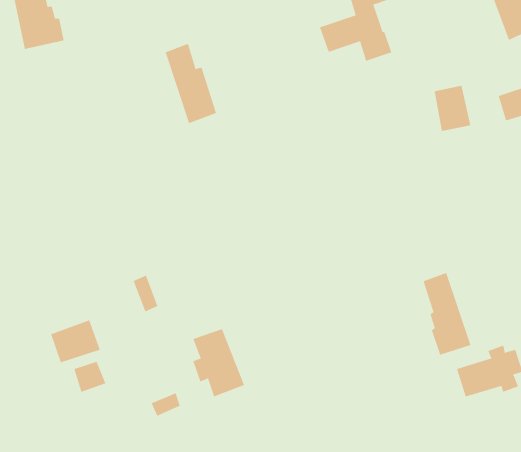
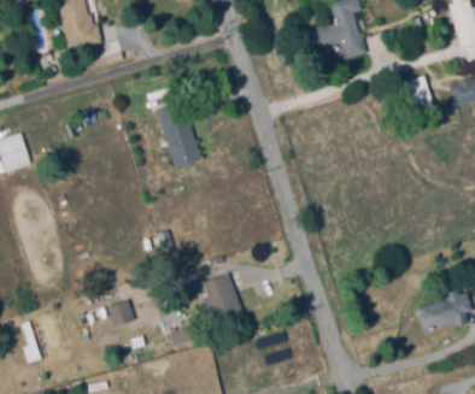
building: [165,43,217,124] -> [158,101,200,166]
building: [423,272,471,355] -> none
building: [51,320,100,363] -> none

